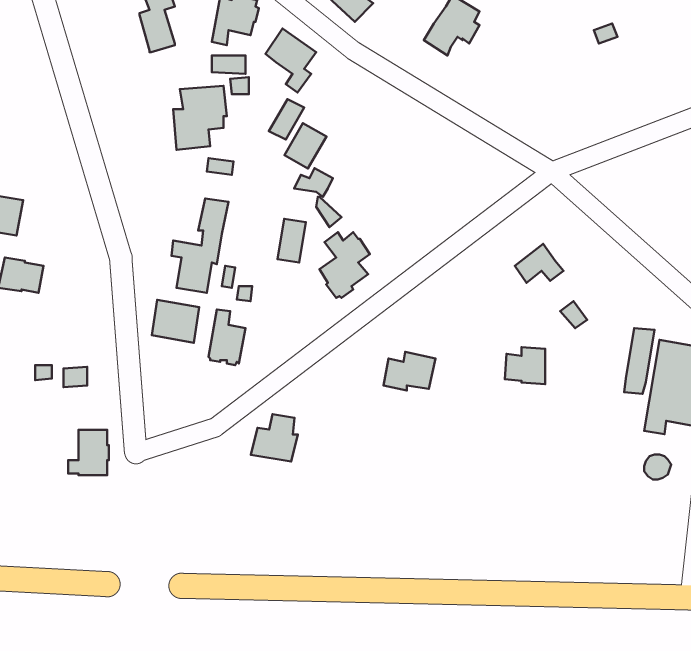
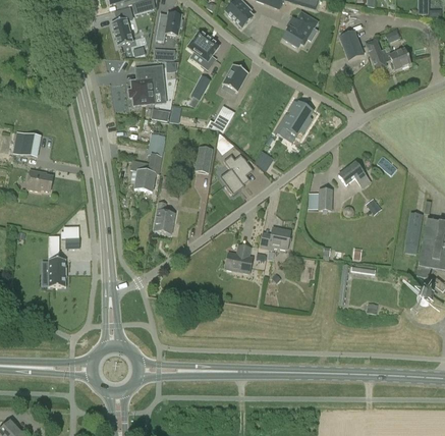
building: none -> [338,30,364,59]
building: none -> [365,38,409,69]
building: [284,123,326,169] -> [222,63,247,91]
building: none -> [274,100,312,135]
building: [152,300,199,343] -> none
building: [505,347,545,384] -> [308,187,332,210]
building: [251,414,298,461] -> [224,243,253,272]
building: [68,430,109,475] -> [42,258,66,285]

